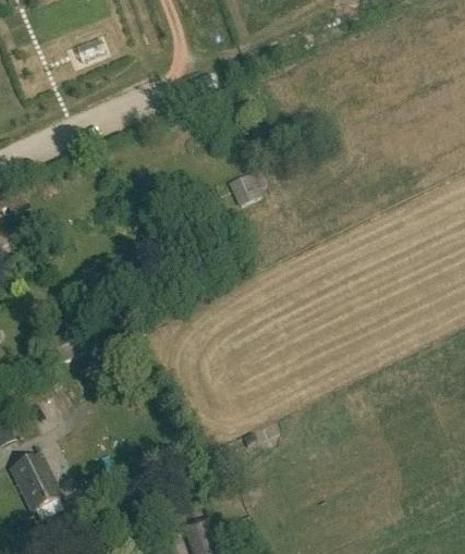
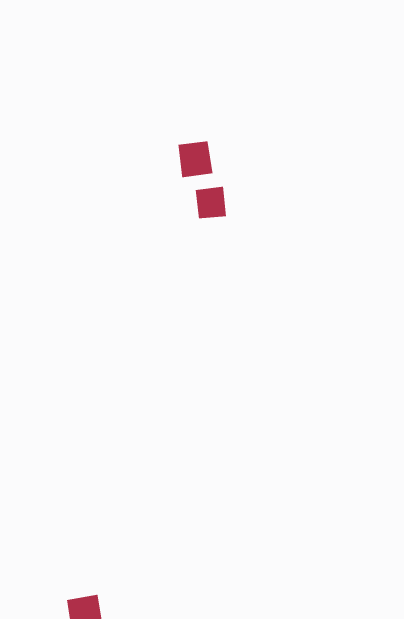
building: none -> [178,141,213,178]

